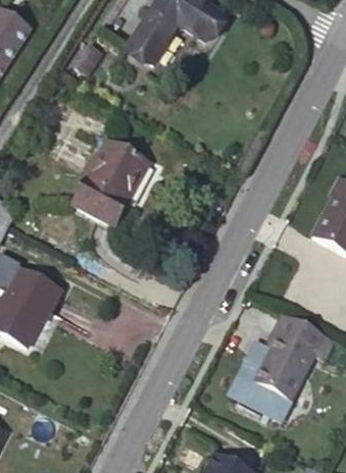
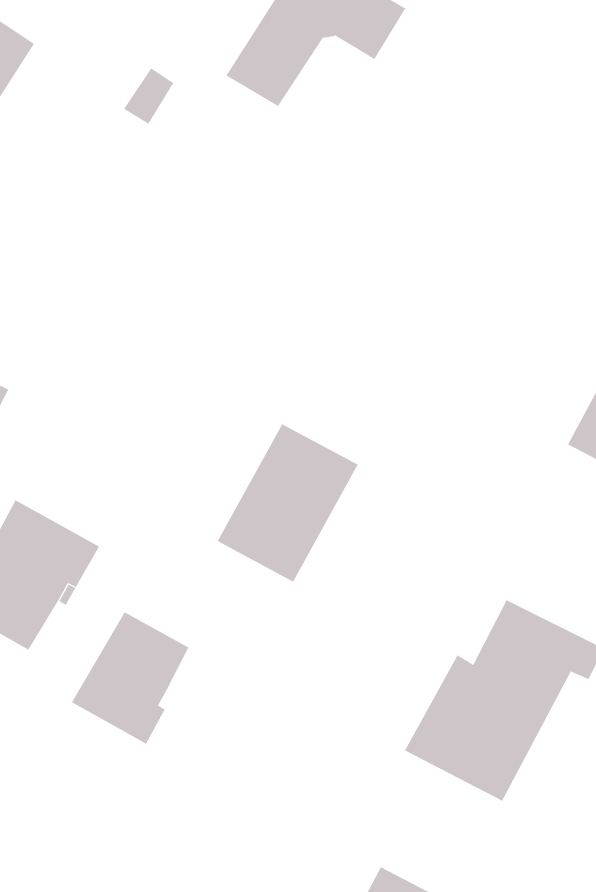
building: [78,141,151,223] -> [217,423,358,582]
building: none -> [71,612,189,744]

